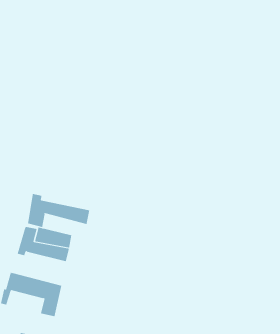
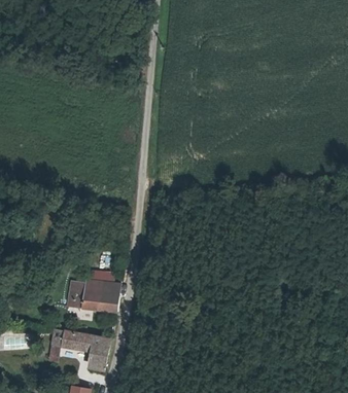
building: [27,193,90,228] -> none

